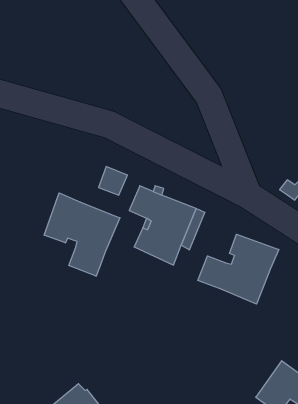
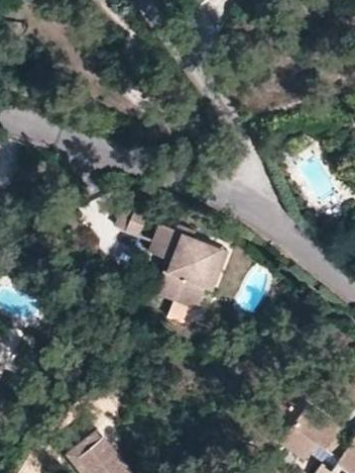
building: [44,193,120,276] -> none
building: [198,234,279,304] -> none

